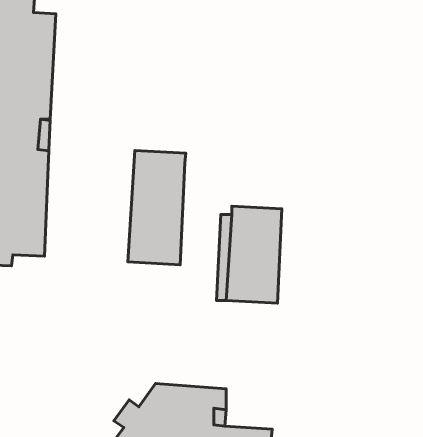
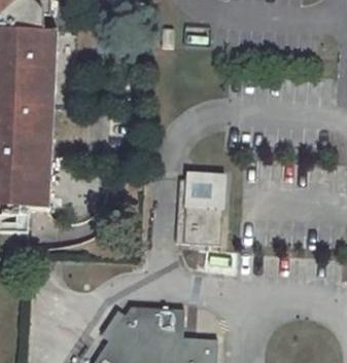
building: [128,151,186,265] -> none

